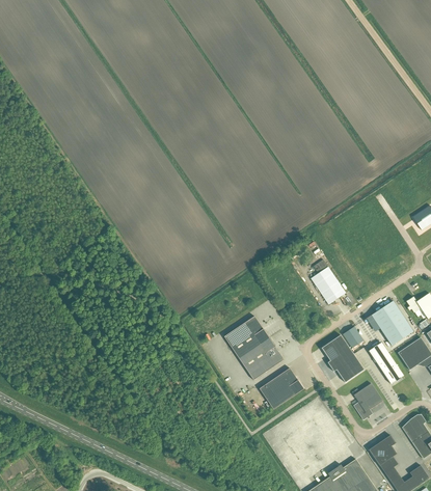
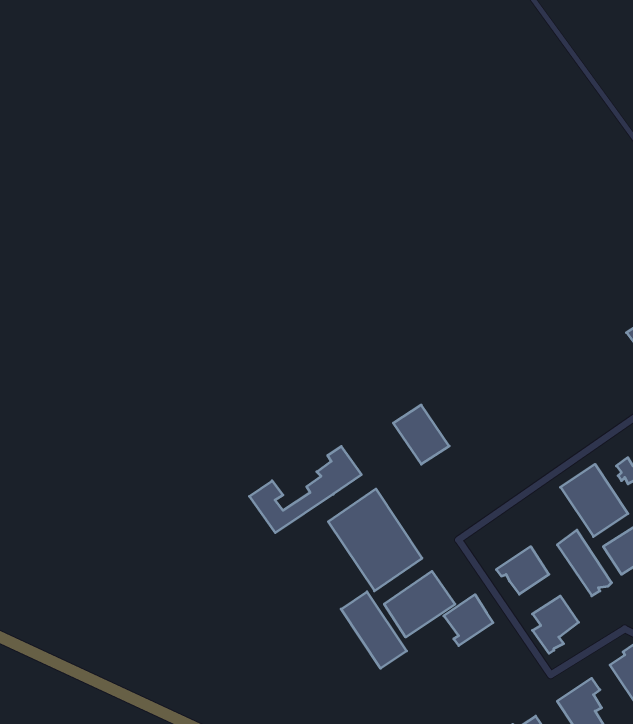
building: [311,267,346,304] -> [393,405,449,464]
building: none -> [249,446,361,533]
building: [321,334,352,366] -> [444,595,493,646]
building: none -> [341,592,407,668]

